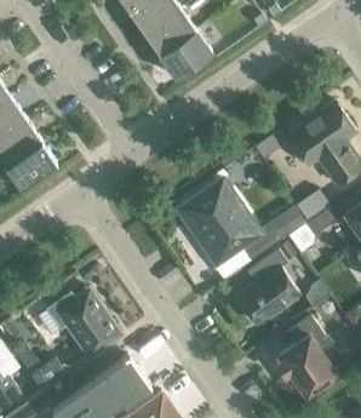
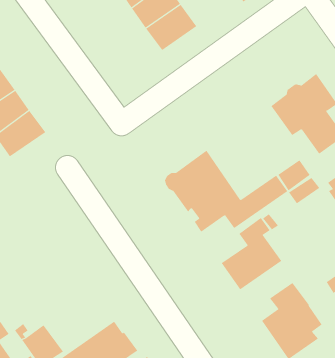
building: [38,290,121,357] -> none

